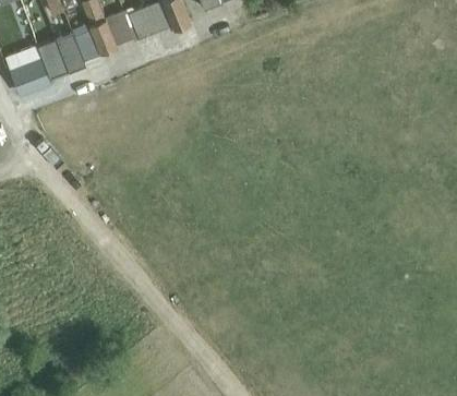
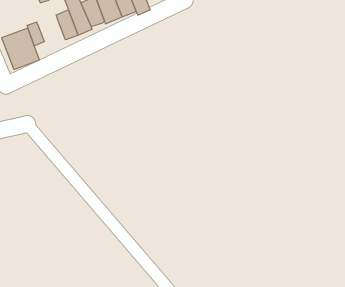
building: [57,34,85,72] -> none

